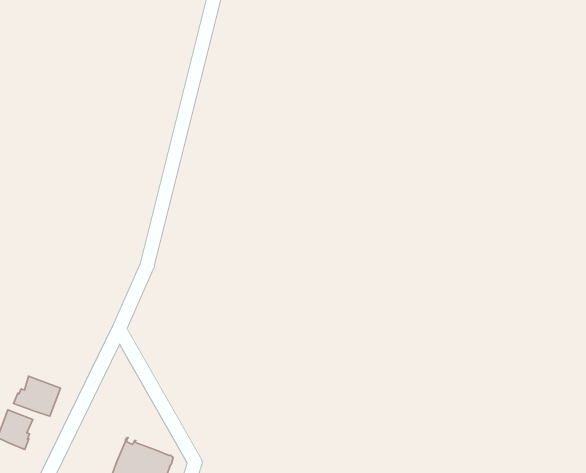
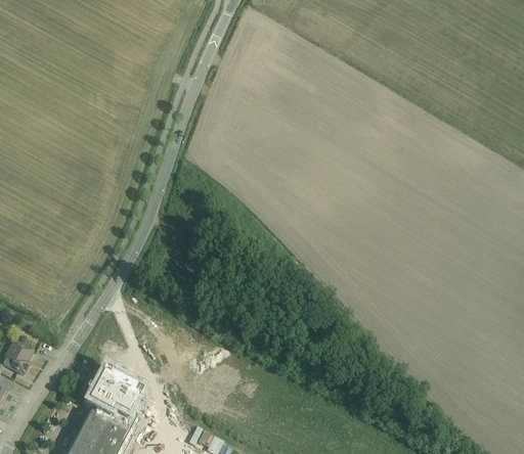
building: [13,376,60,416] -> none

